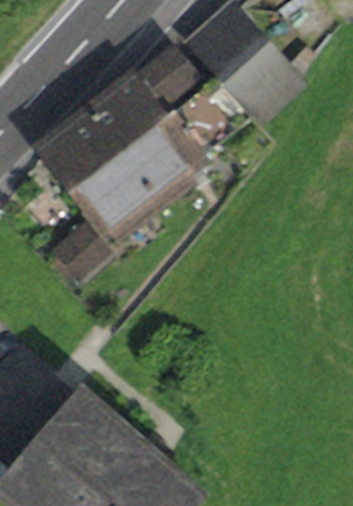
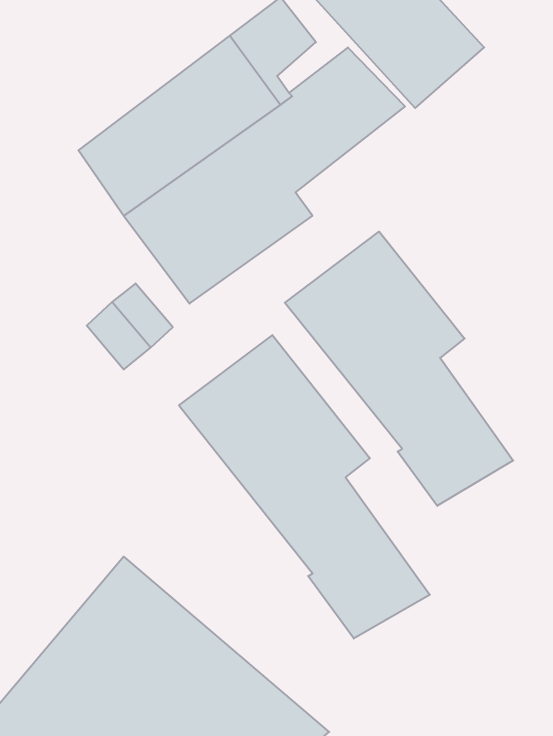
building: none -> [285,232,513,506]
building: none -> [179,335,430,639]

